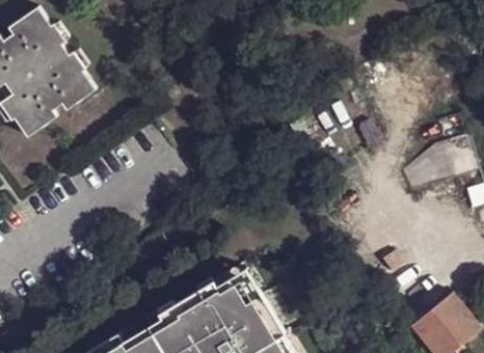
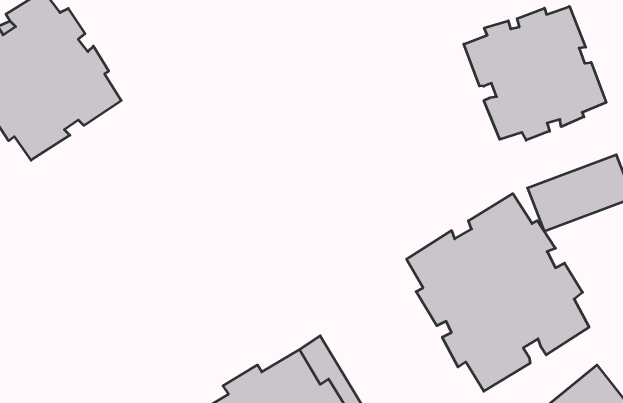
building: none -> [464,6,606,140]
building: none -> [407,194,589,391]

